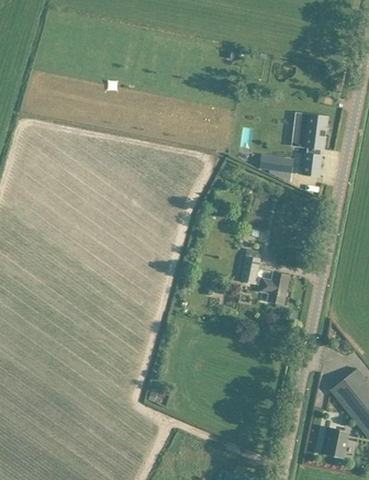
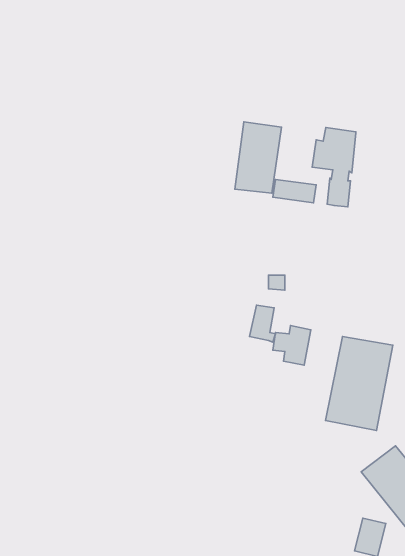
building: none -> [235,122,281,193]
building: none -> [325,337,393,430]

